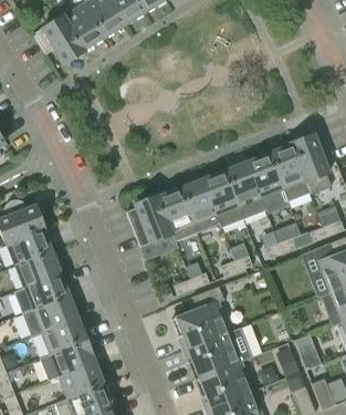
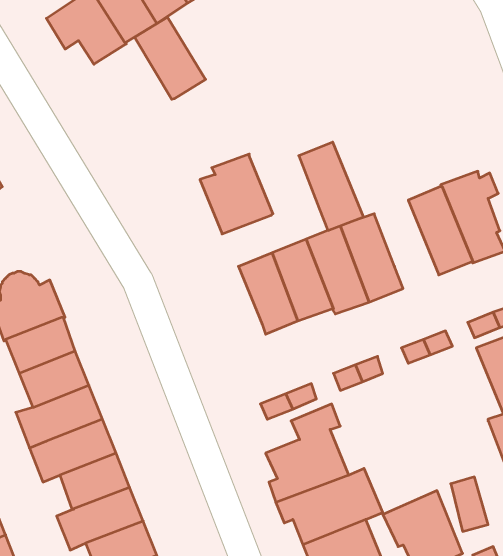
building: none -> [135,17,206,99]
building: [247,153,289,210] -> [299,142,363,230]
building: [126,195,174,247] -> [200,154,273,234]

